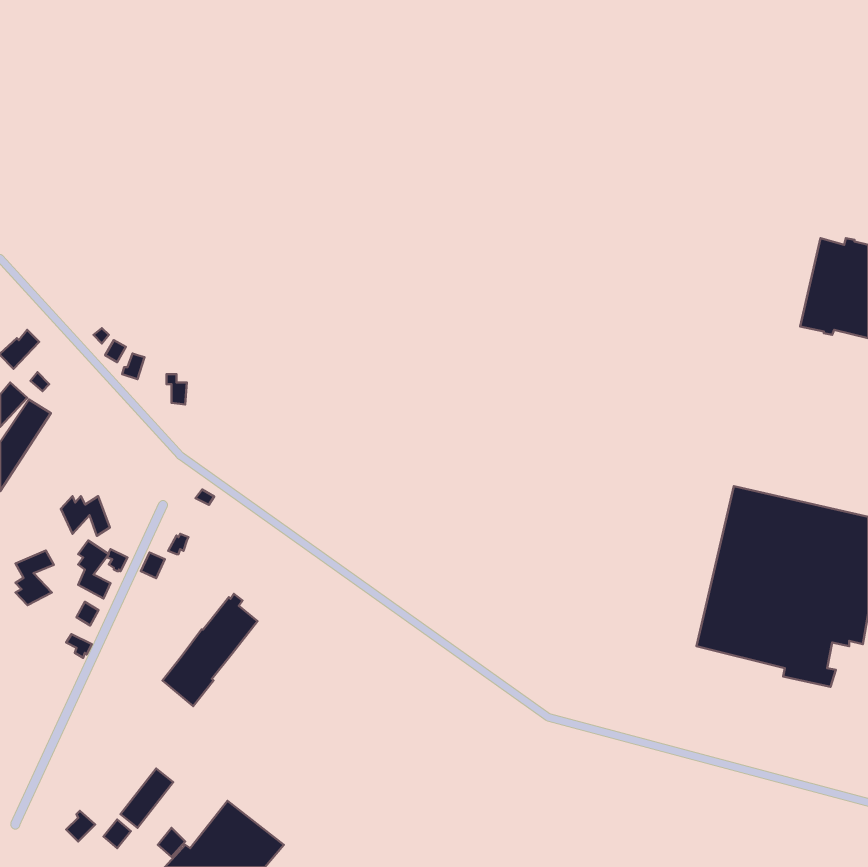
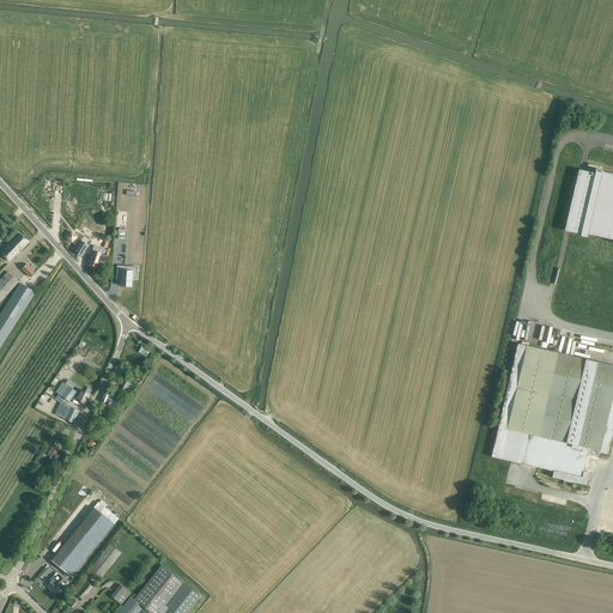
building: [61,496,110,536] -> none
building: [16,550,54,605] -> none
building: [163,594,258,706] -> [51,498,119,577]

